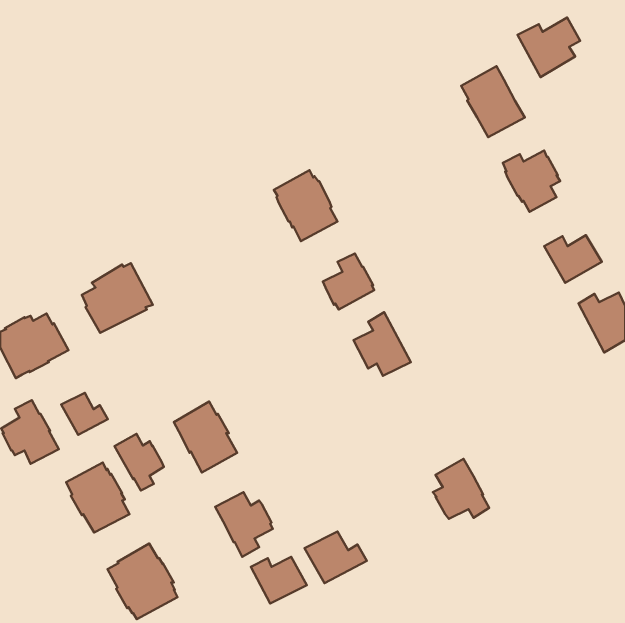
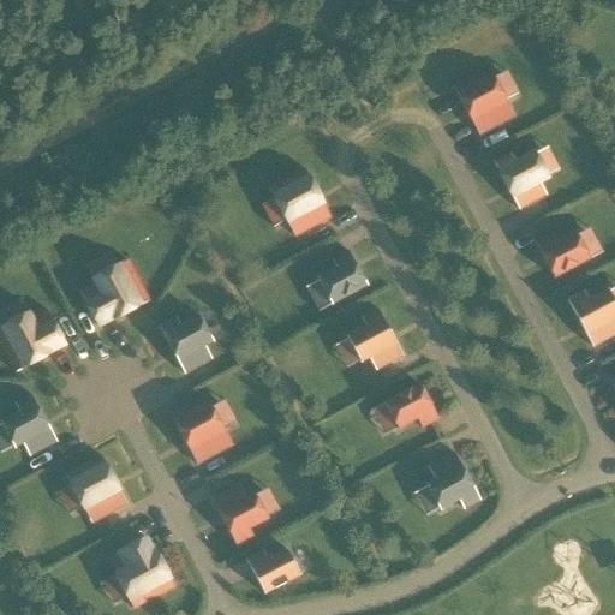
building: [517,18,580,77] -> none
building: none -> [159,314,214,372]
building: none -> [384,381,438,429]
building: [61,393,108,435] -> none
building: [115,434,164,491] -> none
building: [304,531,367,583] -> none

